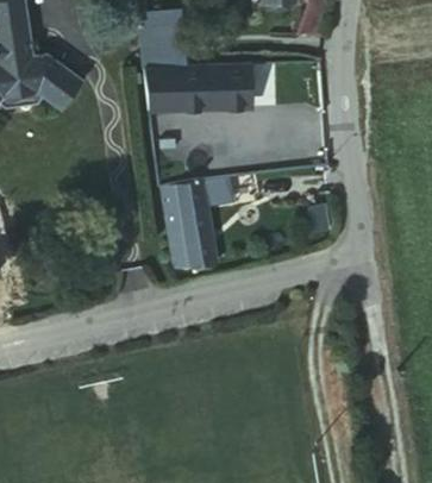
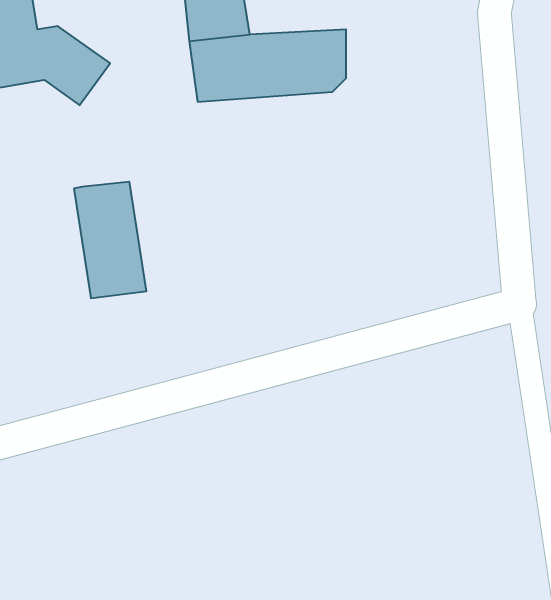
building: [163,182,214,264] -> [74,182,146,298]

